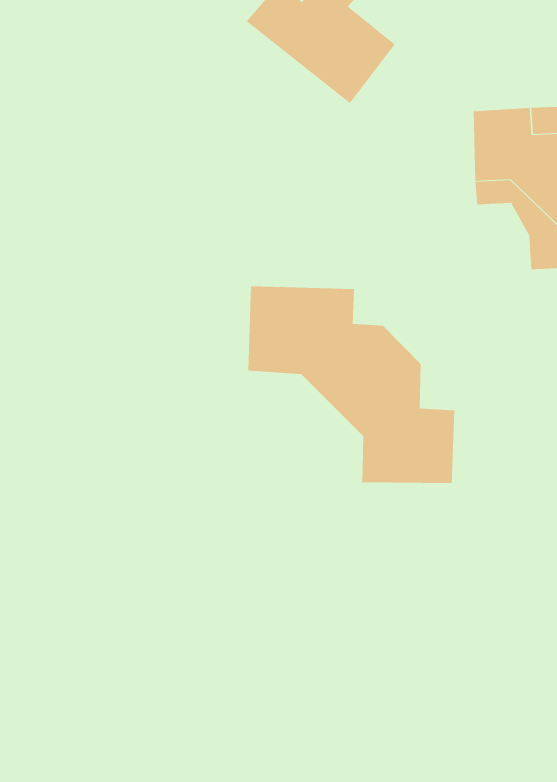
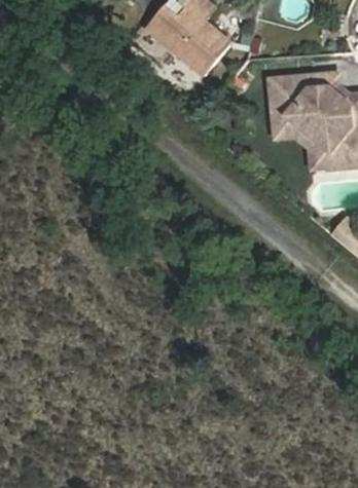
building: [248,285,455,484] -> none

